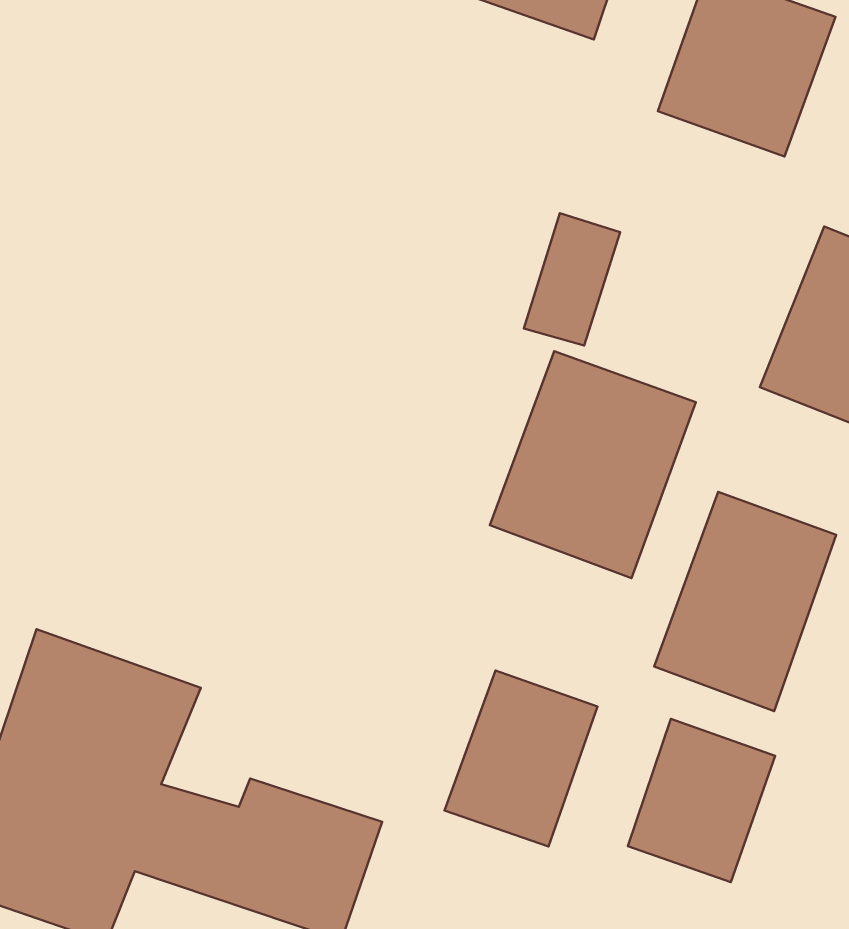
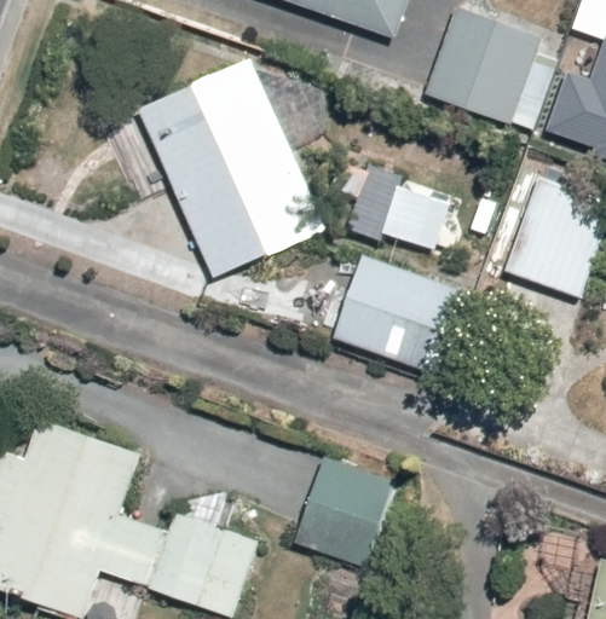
building: none -> [129,58,324,283]
building: [654,492,836,711] -> none
building: [628,719,775,882] -> none

